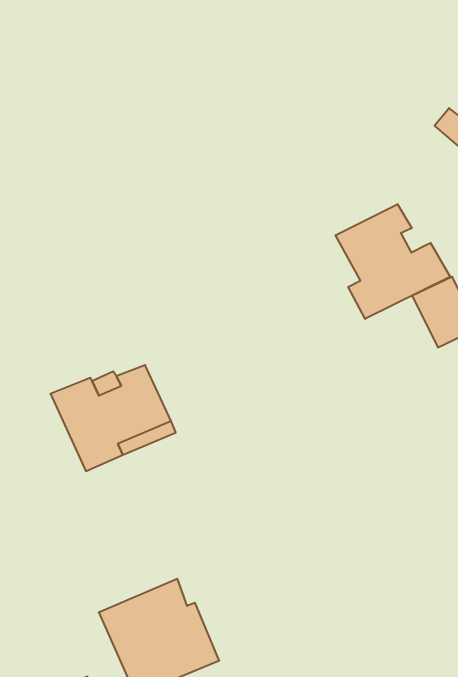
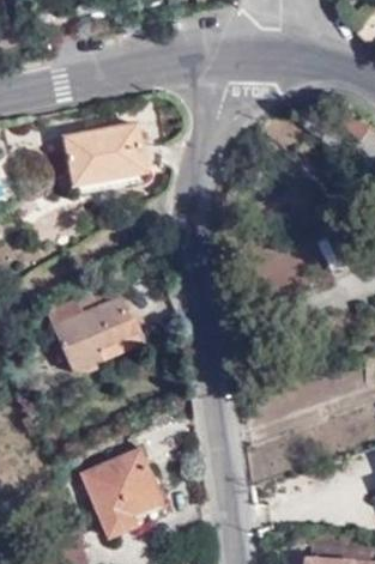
building: none -> [65,127,143,186]
building: [336,204,450,319] -> none

